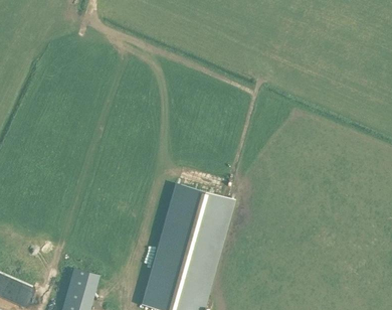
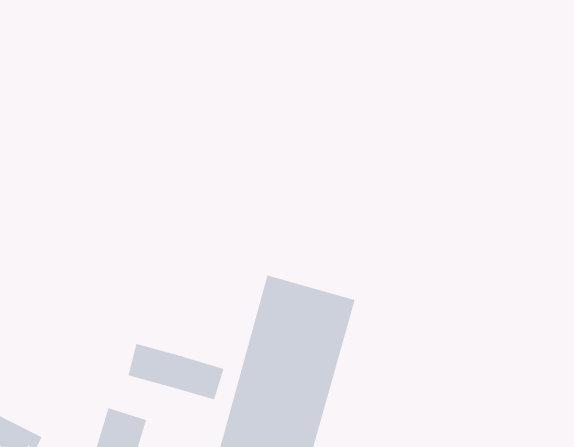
building: none -> [128,343,224,400]

